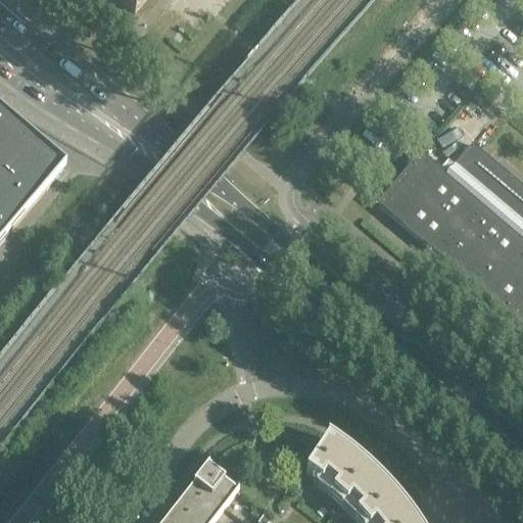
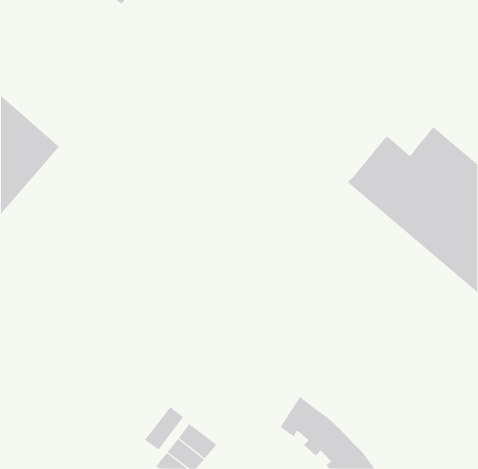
building: none -> [144,406,184,450]

